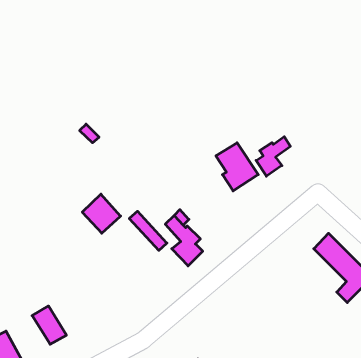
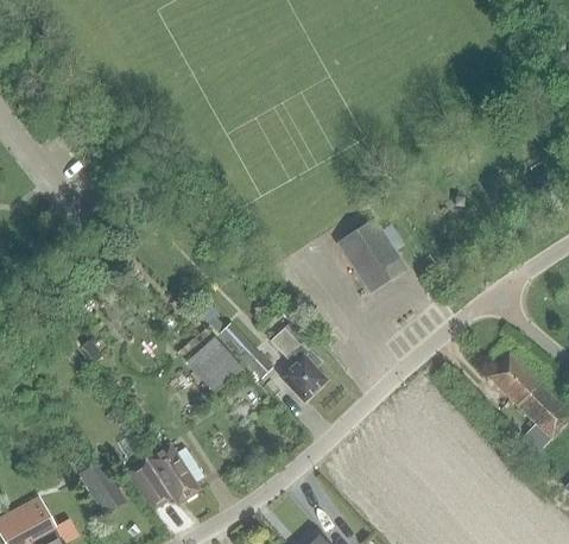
building: [256,137,290,176] -> none
building: [82,194,121,233] -> [185,336,241,393]
building: none -> [127,443,204,511]

